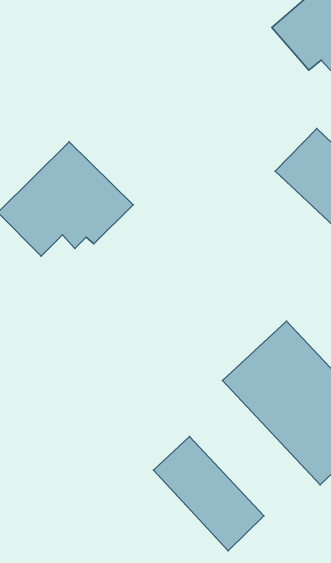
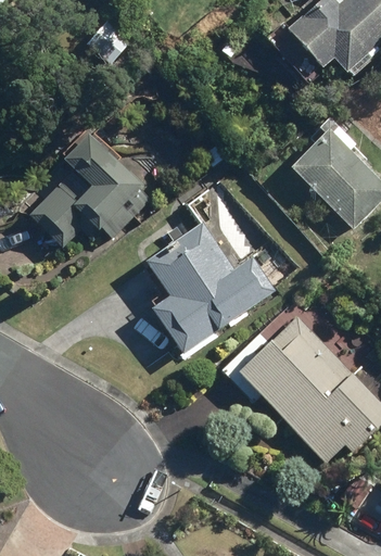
building: none -> [144,218,280,354]
building: [153,436,264,551] -> none

